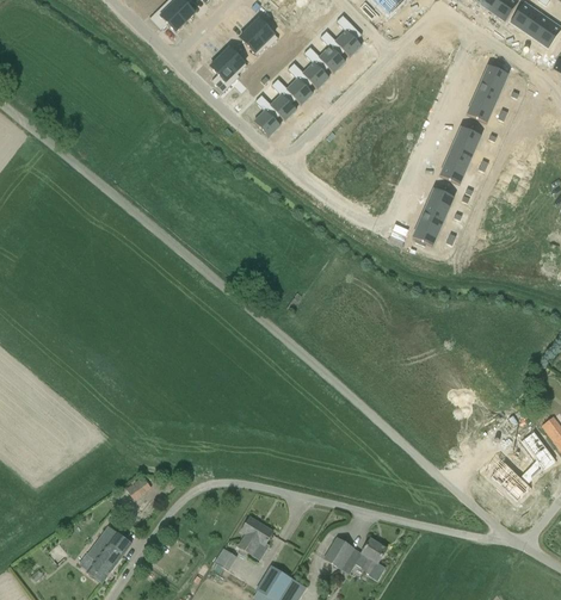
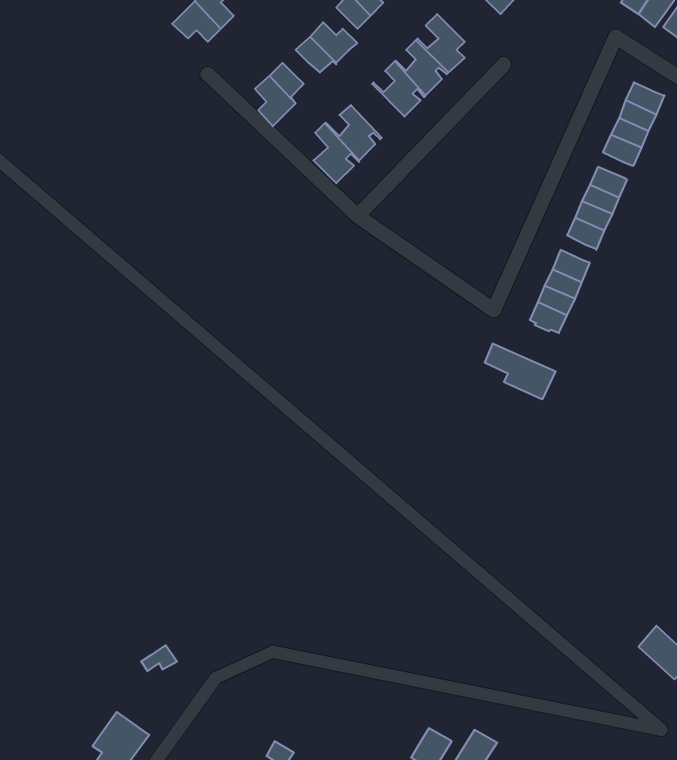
building: [279,63,319,103] -> none
building: none -> [485,343,556,399]
building: [236,515,272,553] -> none

